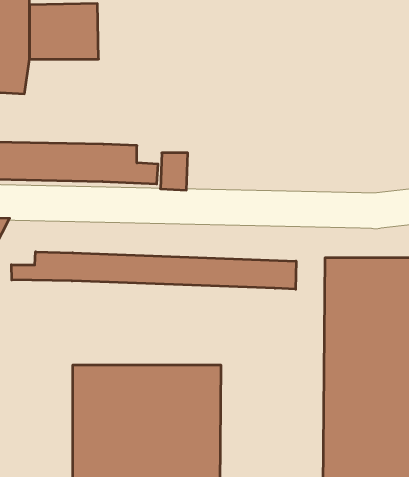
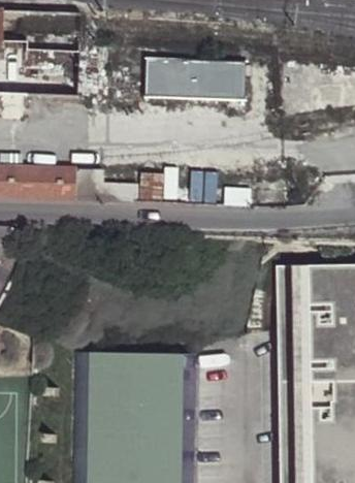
building: none -> [130,58,230,100]
building: [11,252,296,289] -> none

